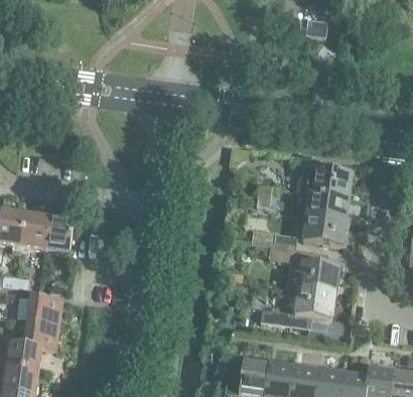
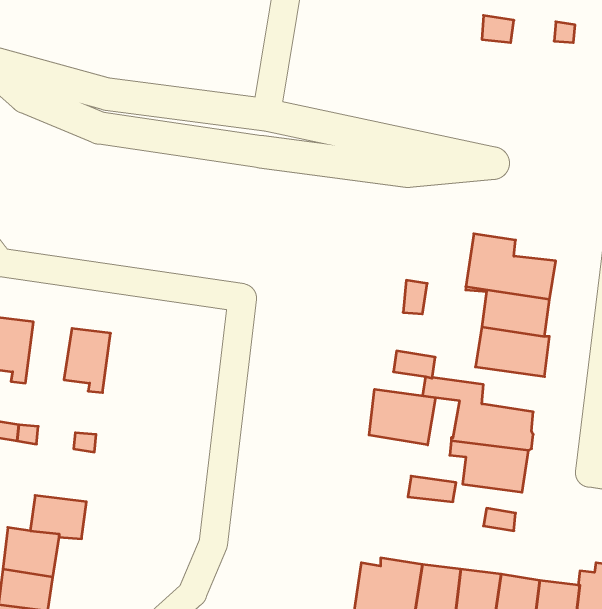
building: [20,212,49,251] -> none
building: none -> [369,389,435,445]
building: [26,294,62,324] -> none

